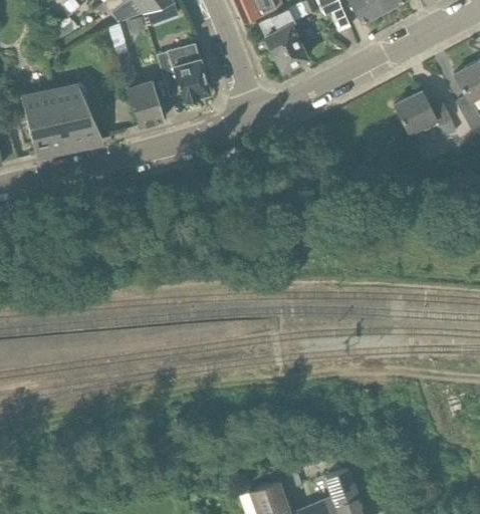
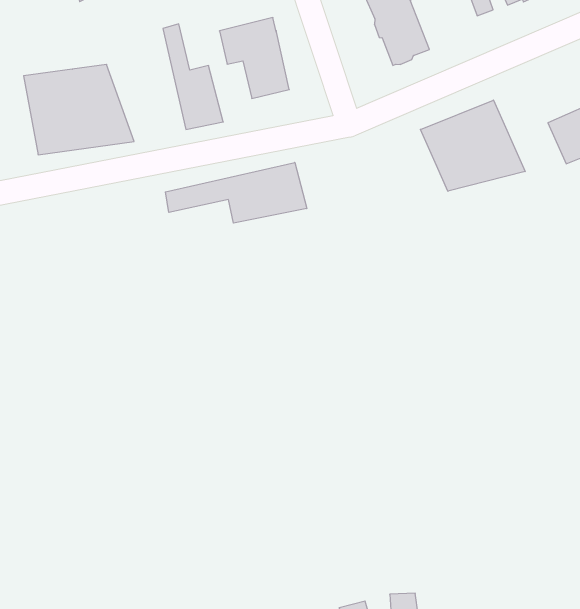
building: none -> [420,100,525,191]
building: none -> [165,162,307,223]

